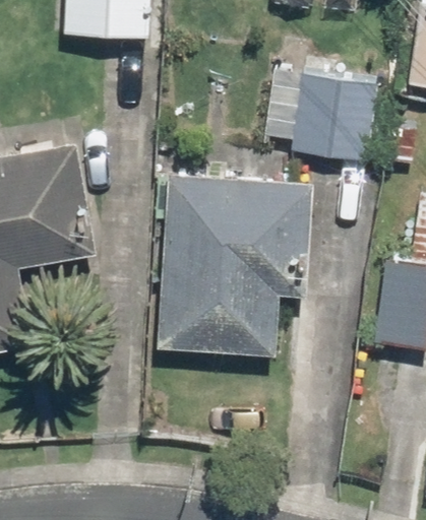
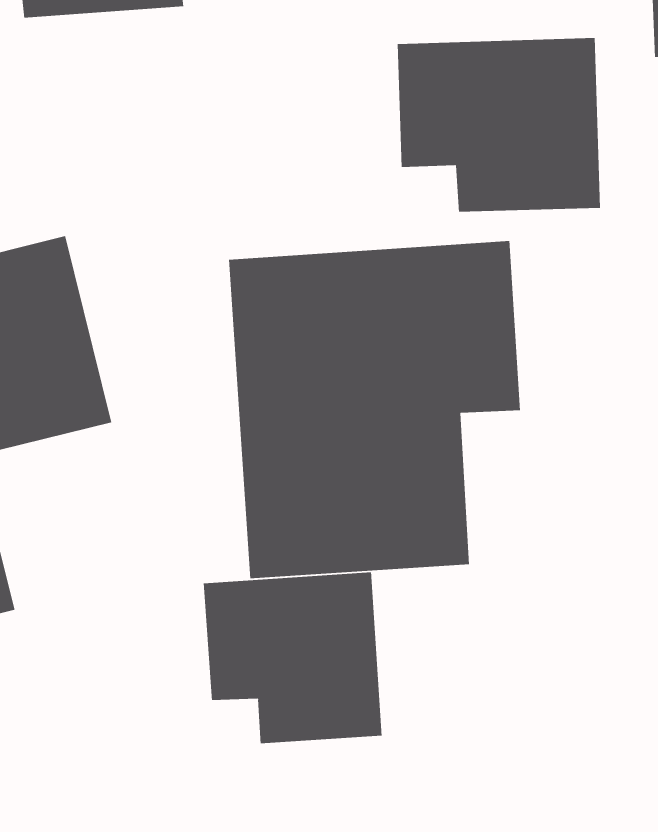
building: none -> [203,572,382,744]

